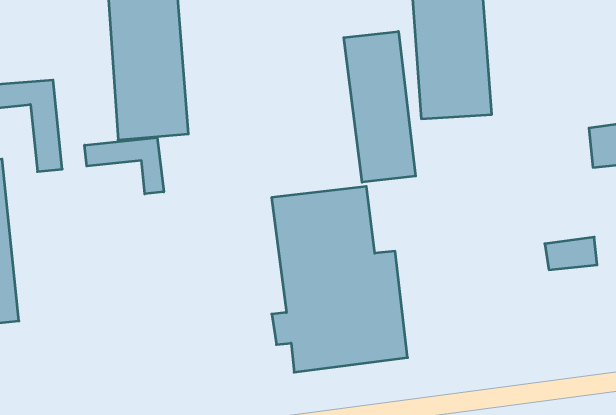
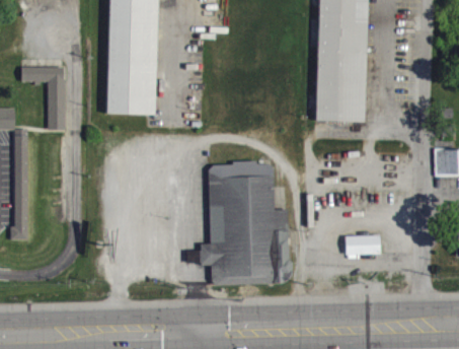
building: [344,31,416,182] -> none
building: [85,138,164,194] -> none
building: [545,237,597,270] -> [346,235,380,255]

